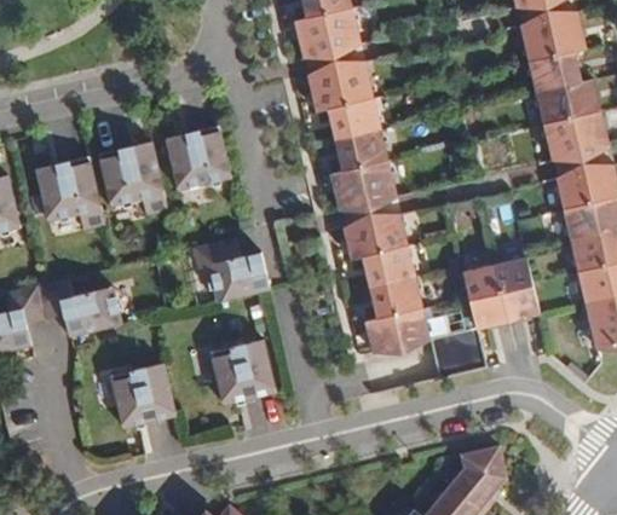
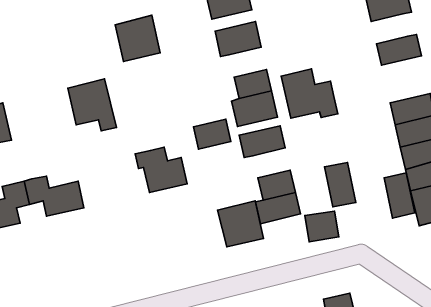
building: [529,50,581,92] -> none
building: [327,97,380,139] -> none
building: [543,109,609,160] -> none
building: [166,126,230,191] -> [115,15,160,61]
building: none -> [281,69,338,118]
building: [36,156,104,230] -> none
building: [361,239,414,282] -> [193,119,231,149]
building: [495,253,538,317] -> [384,173,415,218]
building: [211,345,276,410] -> [218,201,264,247]
building: [111,369,175,434] -> none

